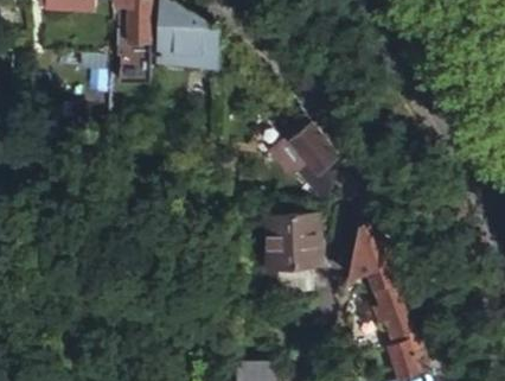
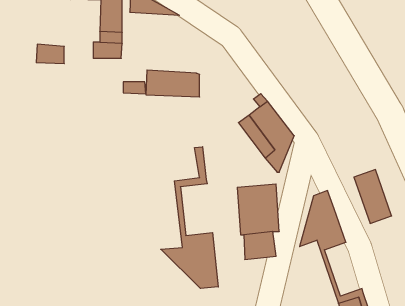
building: [158,24,217,53] -> [146,70,200,97]
building: none -> [161,147,218,288]
building: [373,278,415,337] -> [354,170,392,223]

